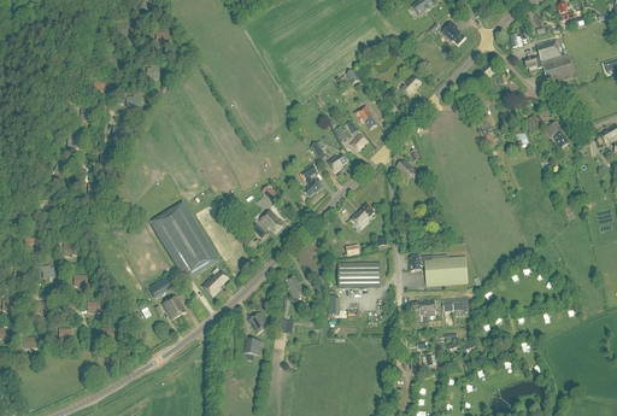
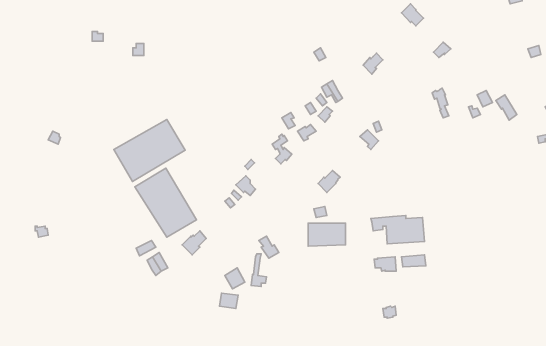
building: [524,39,575,84] -> none
building: none -> [114,120,185,181]

